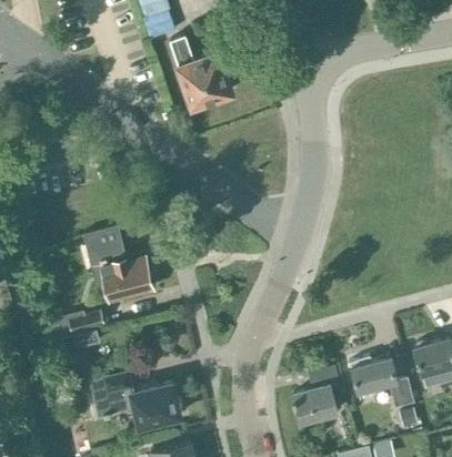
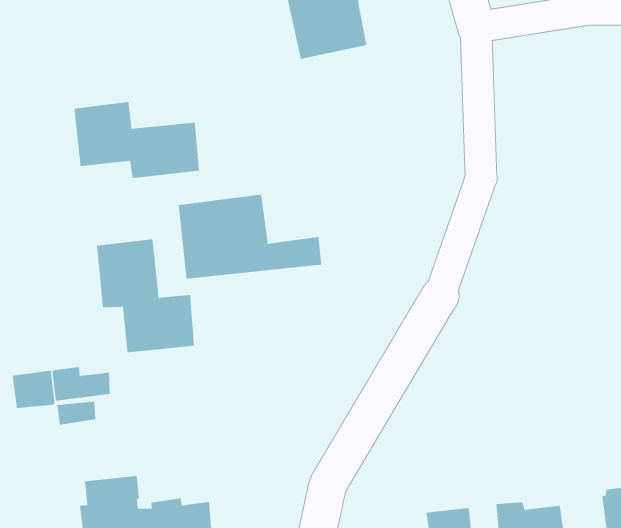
building: none -> [74,101,200,179]
building: none -> [178,194,322,280]

